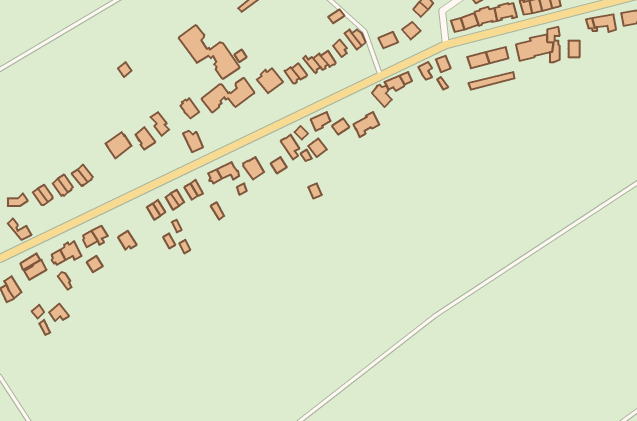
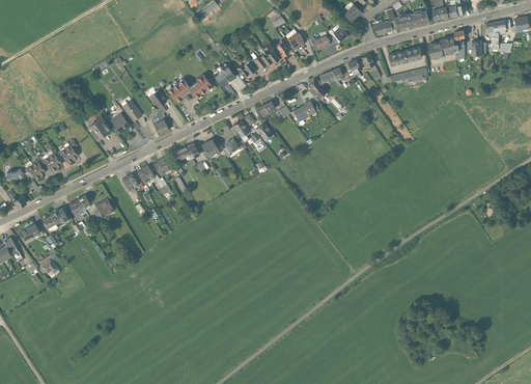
building: [179,25,239,79] -> none

